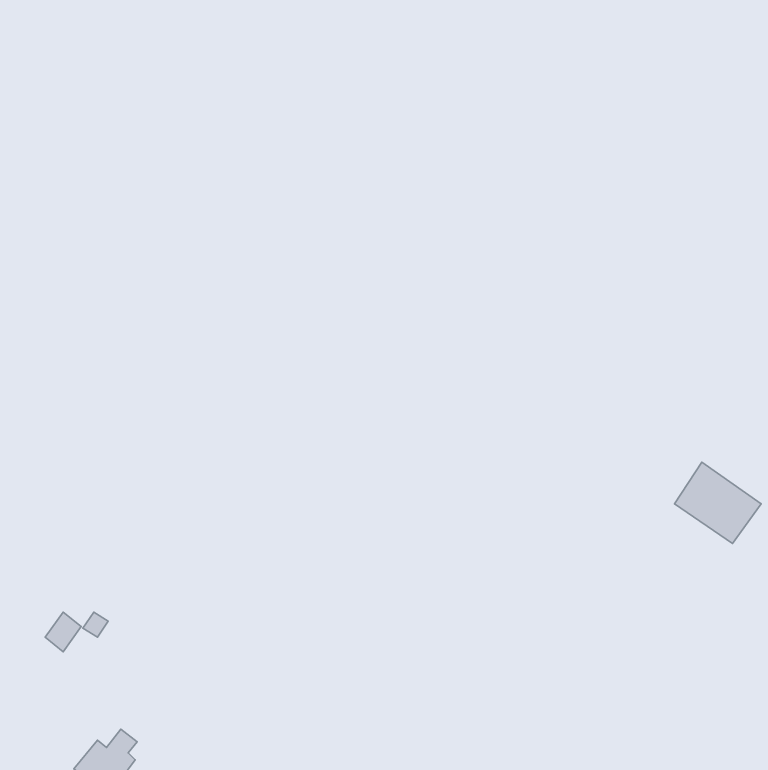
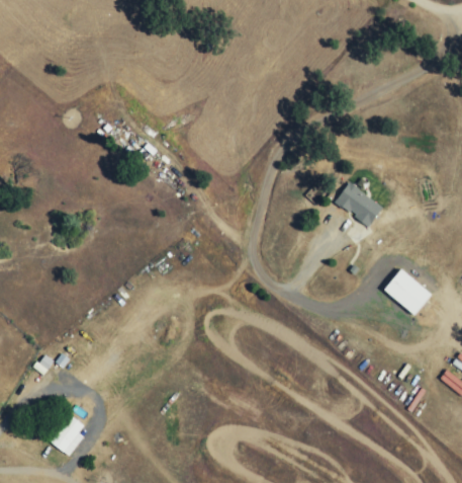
building: none -> [335,181,382,226]

